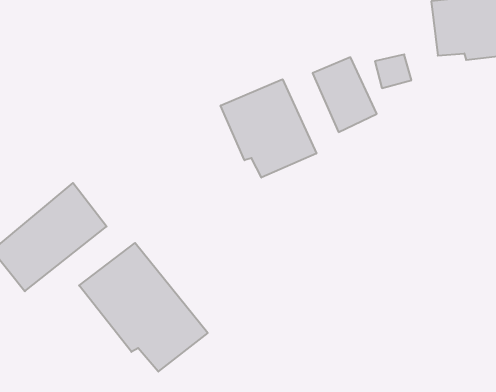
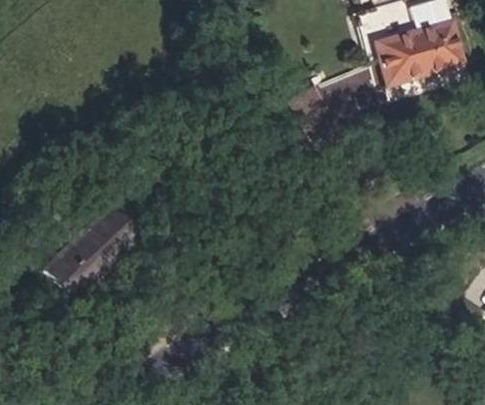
building: [221,79,316,178] -> none
building: [79,243,208,372] -> none

